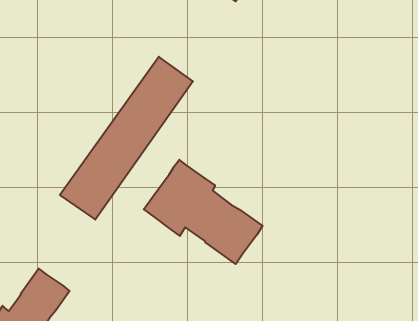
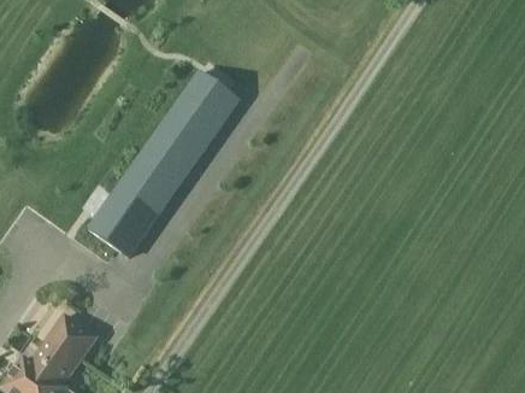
building: [144,160,263,264] -> none

